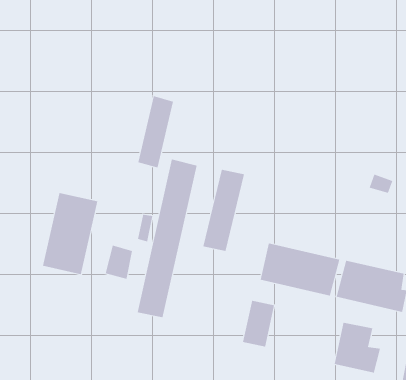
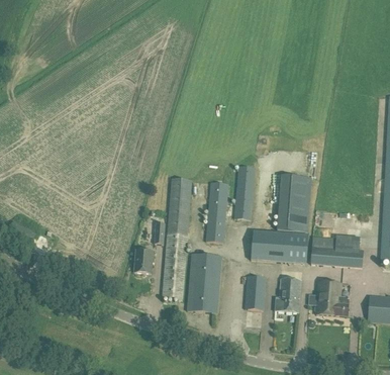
building: [137,96,174,168] -> [234,165,255,218]
building: none -> [277,174,311,231]
building: [42,193,98,275] -> [189,254,223,312]
building: none -> [275,277,301,311]

